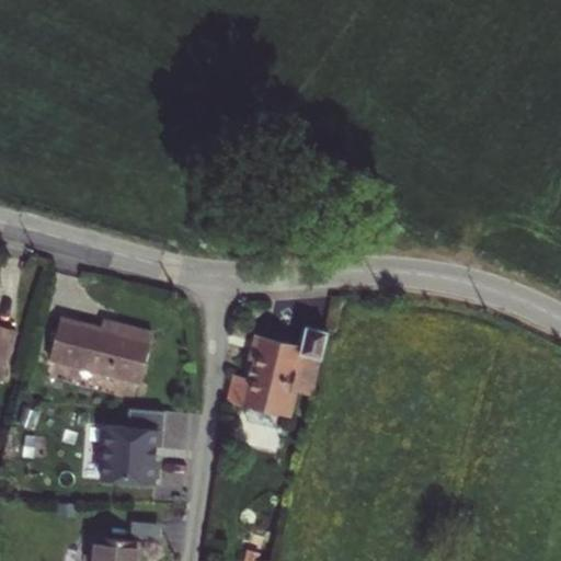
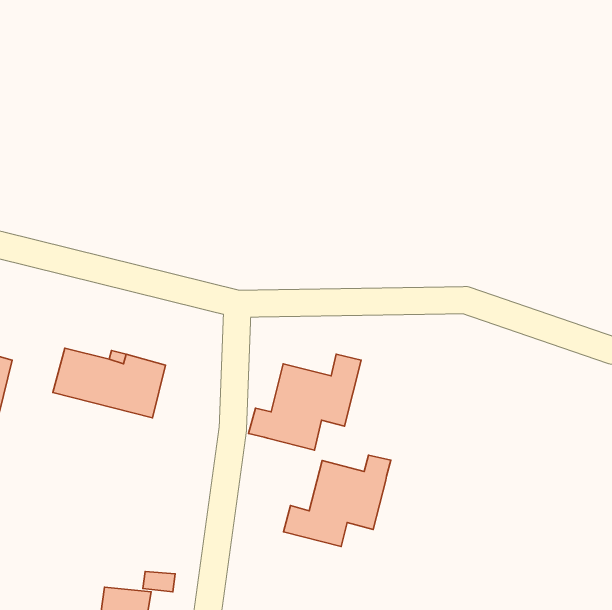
building: [84,409,164,481] -> none
building: none -> [283,455,391,546]

